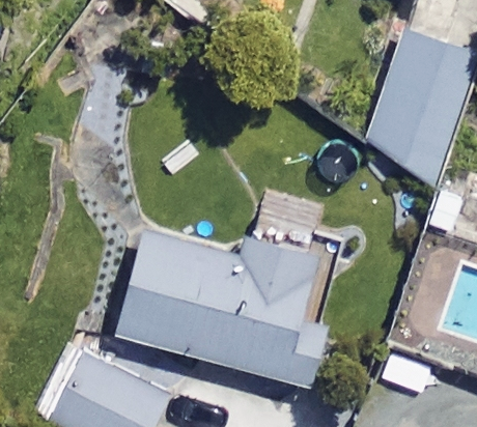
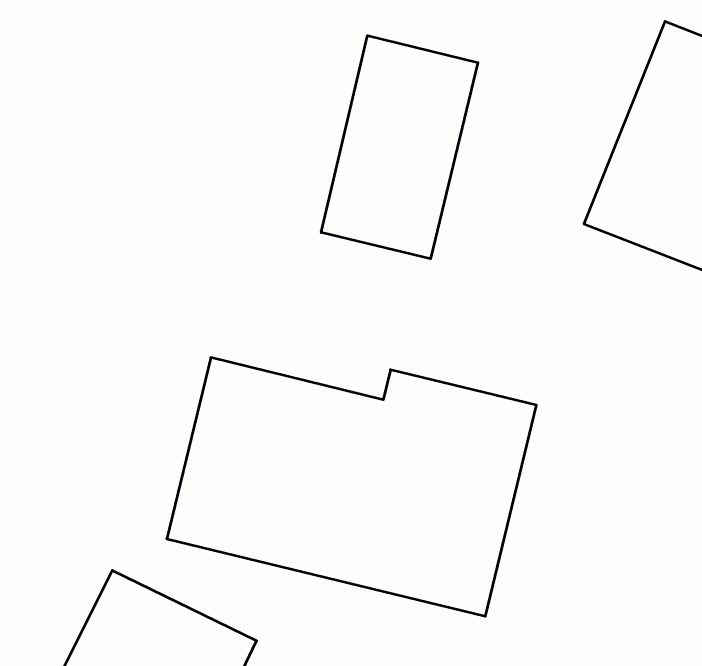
building: none -> [321,36,478,259]

